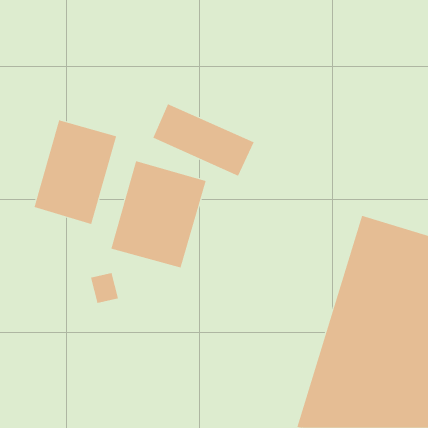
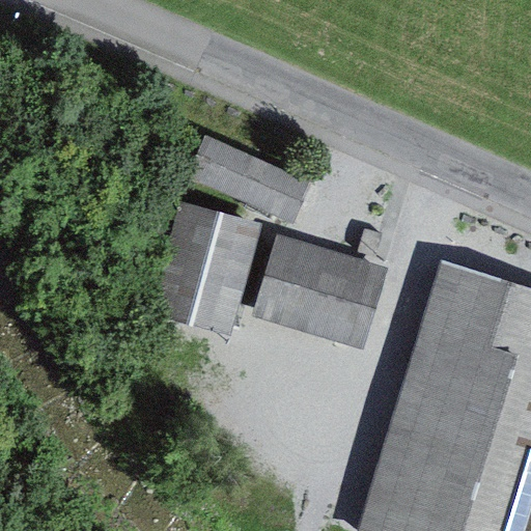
building: [34,119,117,225] -> none
building: none -> [243,242,379,347]

